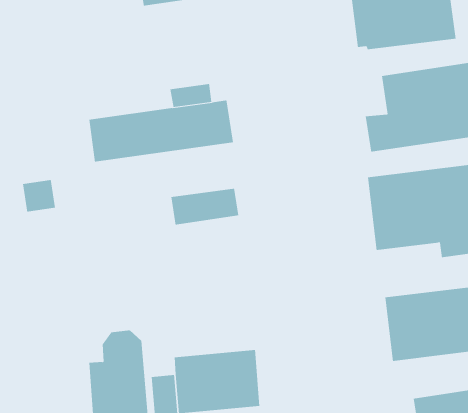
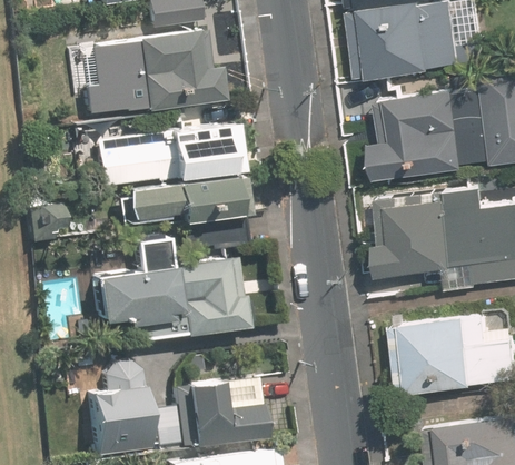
building: none -> [82,31,225,118]
building: none -> [126,177,246,227]
building: none -> [93,240,245,338]

